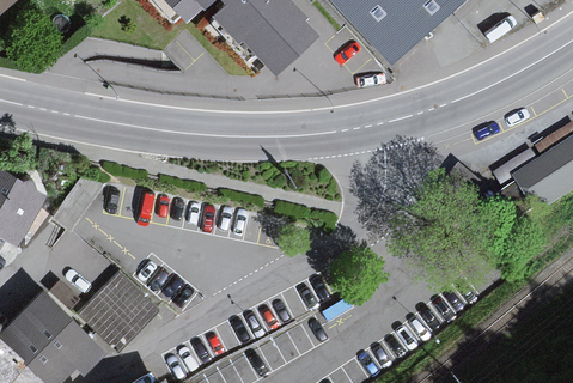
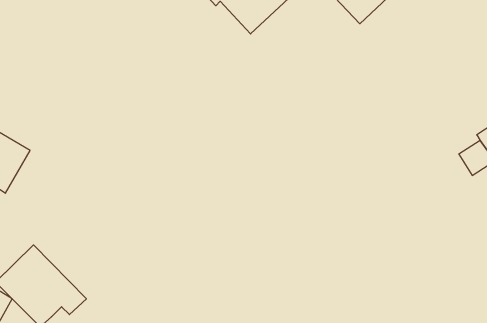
building: [83,275,156,349] -> none

